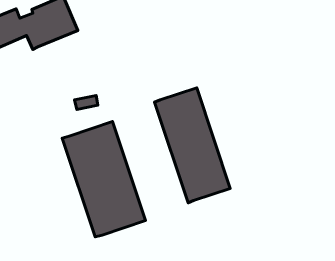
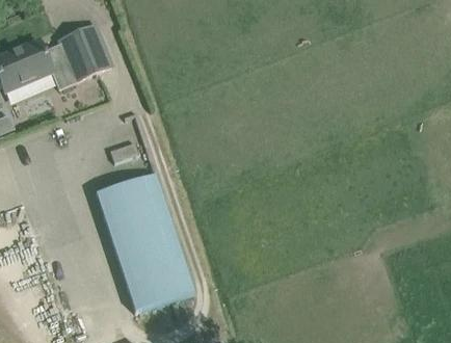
building: [155,88,230,203] -> none

